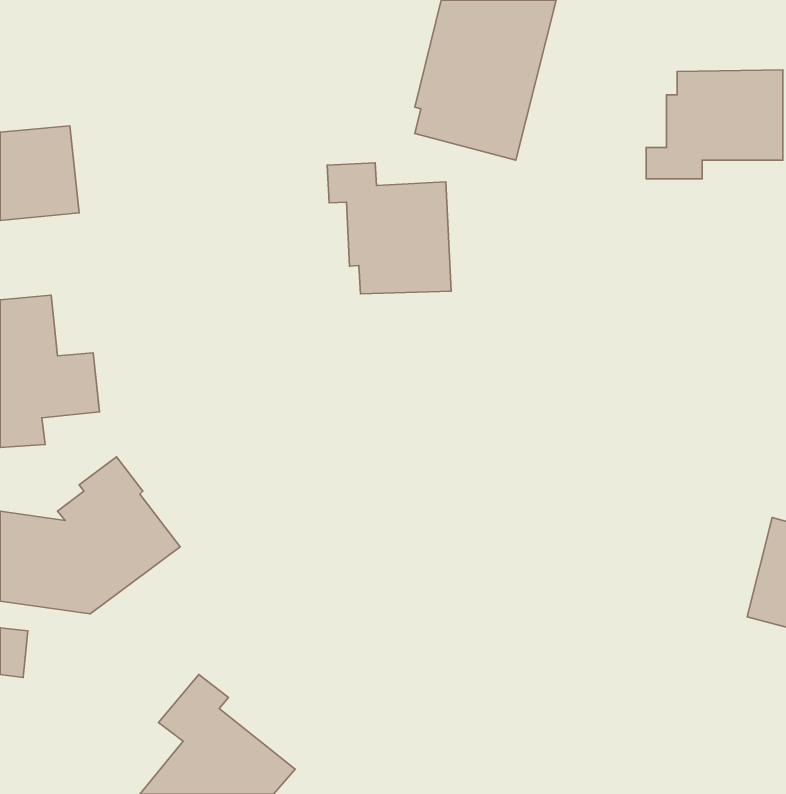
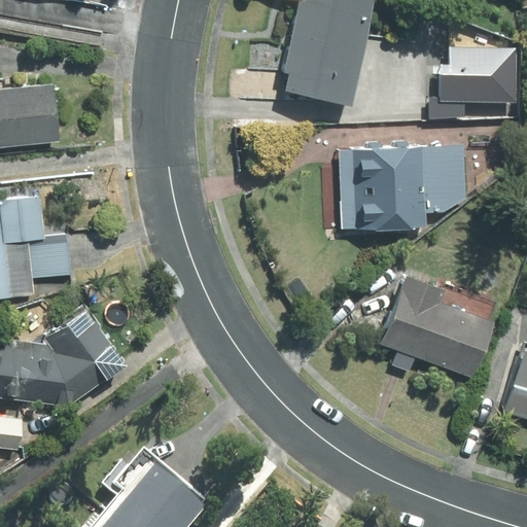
building: [327,163,451,294] -> none
building: none -> [338,140,465,230]
building: none -> [375,275,489,374]

